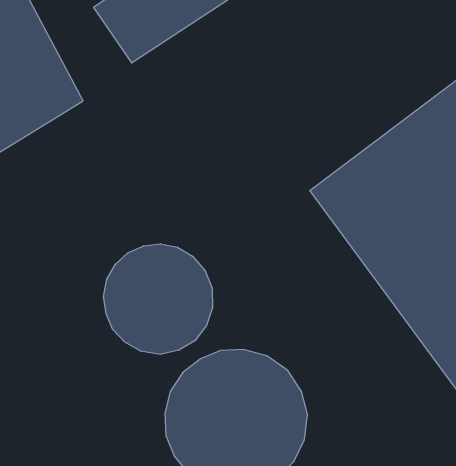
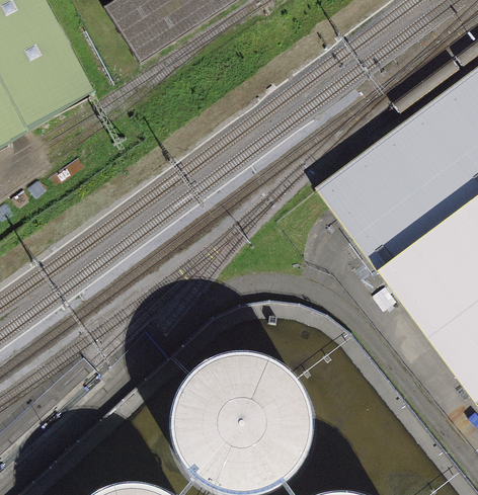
building: [104,244,213,354] -> none

